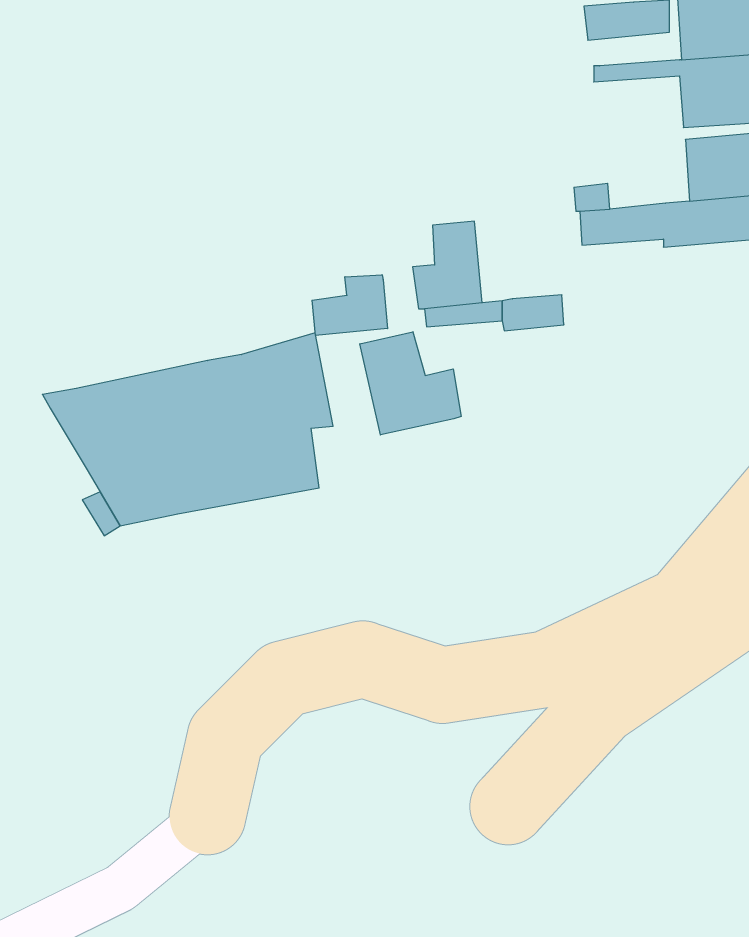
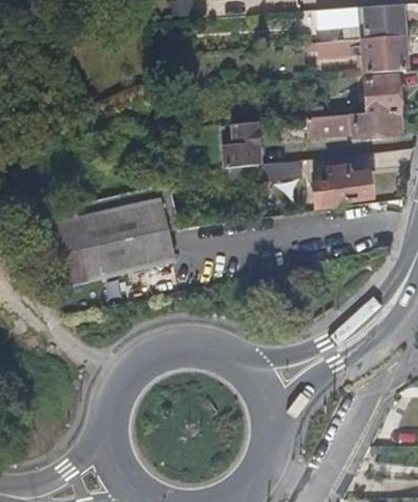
building: [312,275,388,336] -> none
building: none -> [313,168,371,211]
building: [360,332,461,435] -> none

